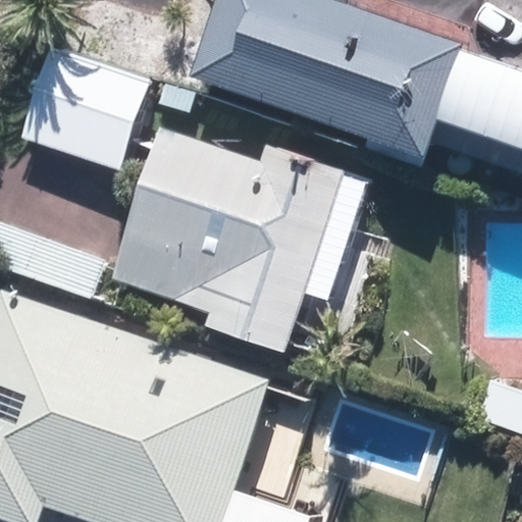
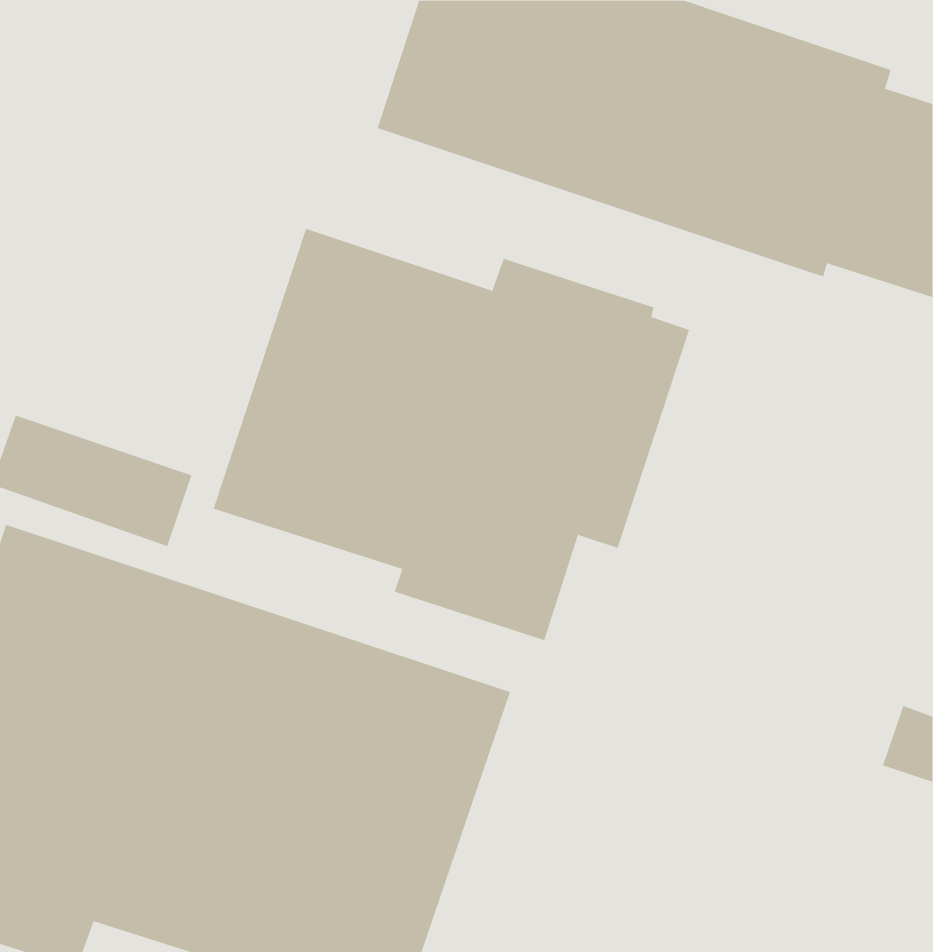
building: [28,52,155,171] -> none

